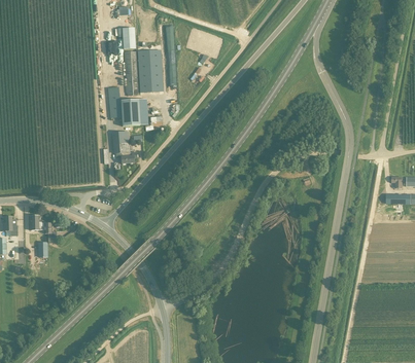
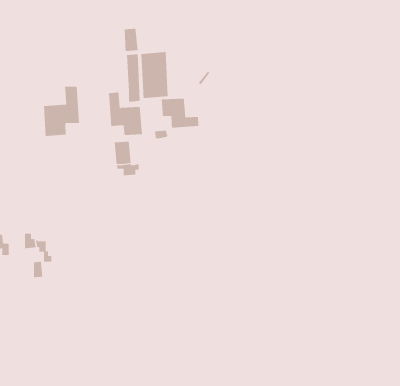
building: none -> [43,86,80,137]
building: none -> [161,98,199,128]

